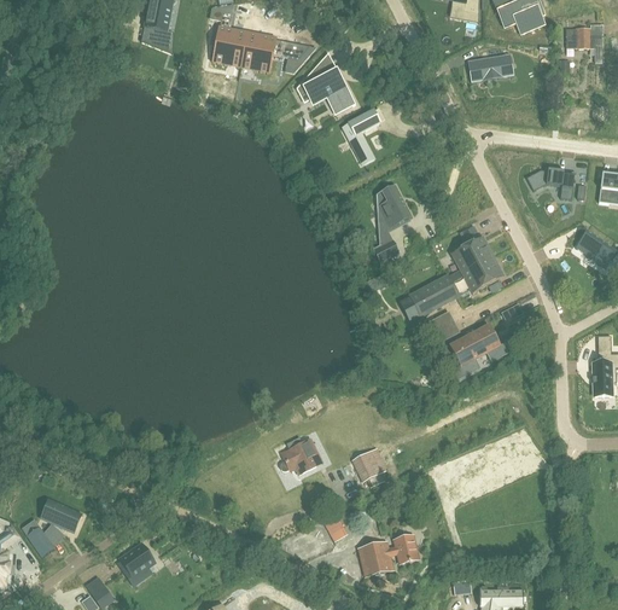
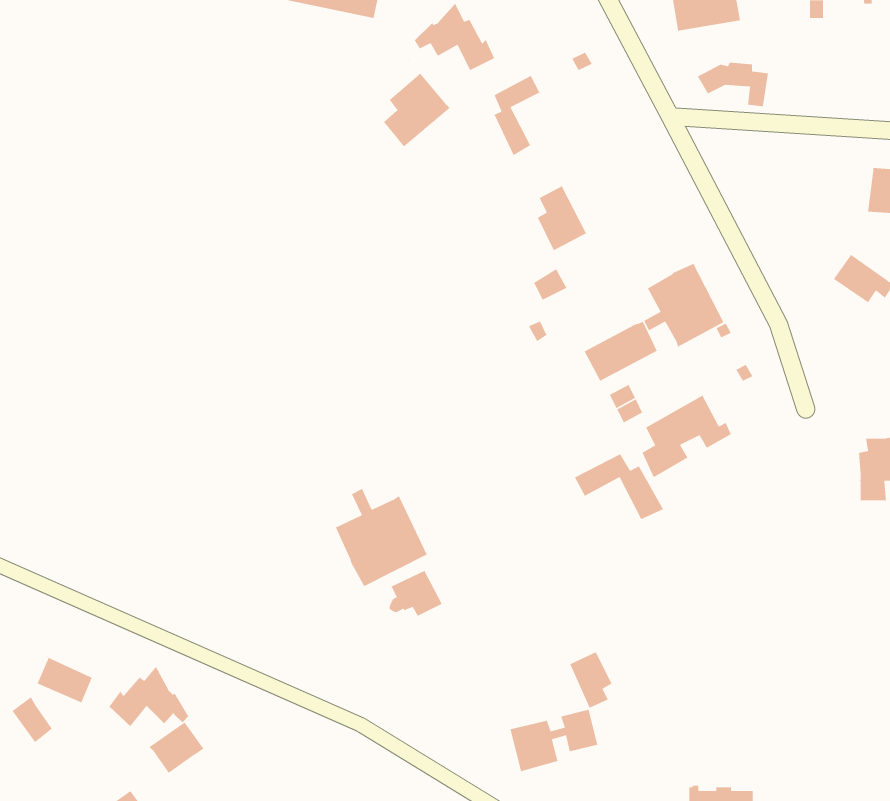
building: none -> [383,57,450,147]
building: [526,168,575,198] -> [697,62,769,107]
building: none -> [574,453,664,520]
building: none -> [335,488,428,587]
building: [357,447,386,486] -> [569,651,613,709]
building: none -> [109,666,189,727]

